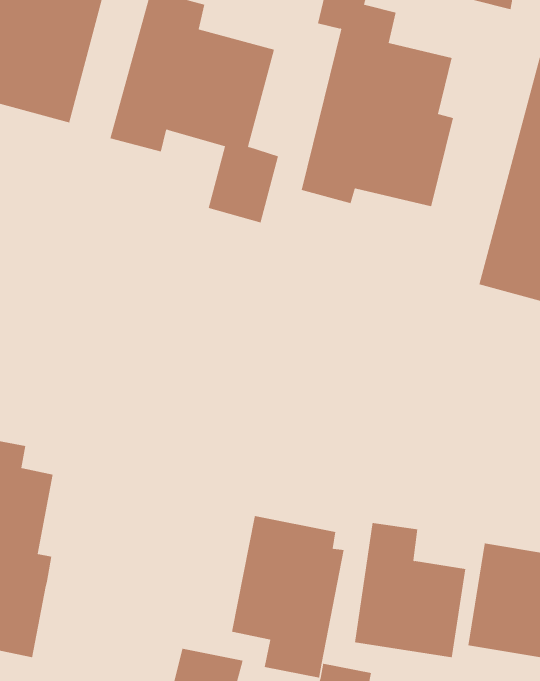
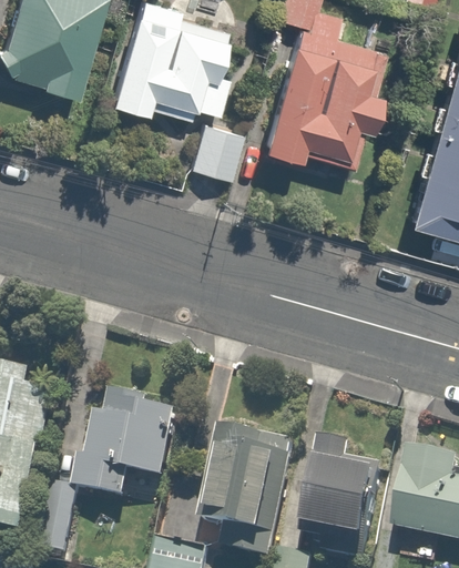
building: none -> [40,384,178,549]

